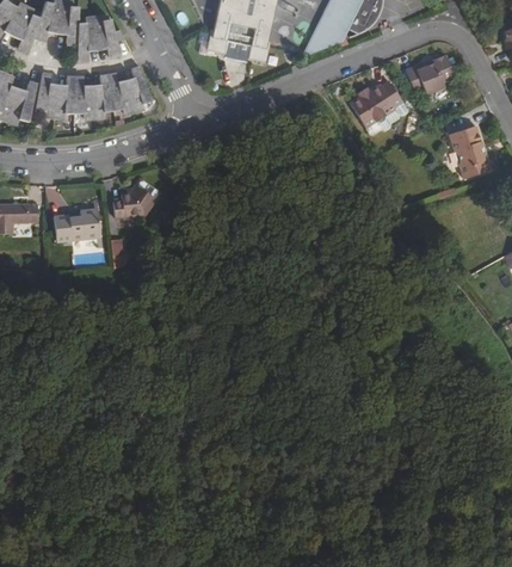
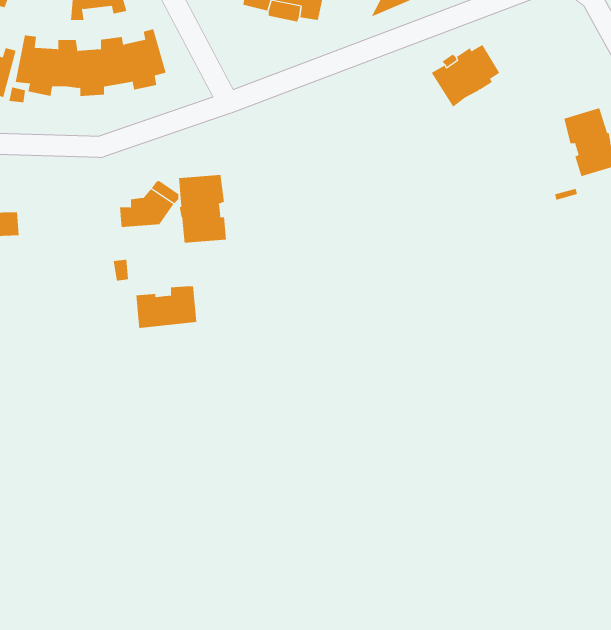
building: [407,55,456,93] -> none
building: none -> [179,174,226,243]
building: [54,209,100,241] -> [135,286,197,328]

